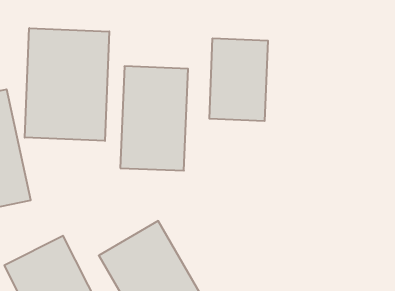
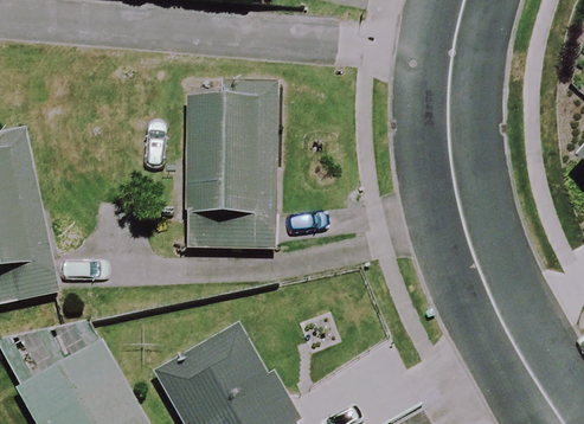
building: [25,28,109,141] -> none
building: [209,38,268,121] -> none

